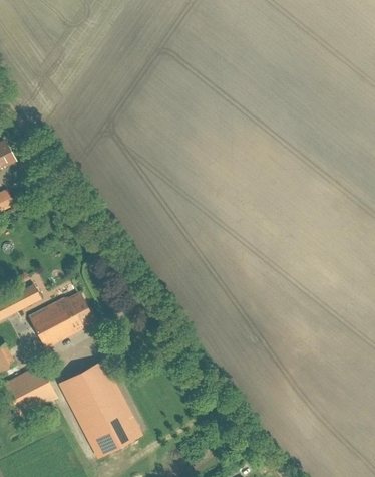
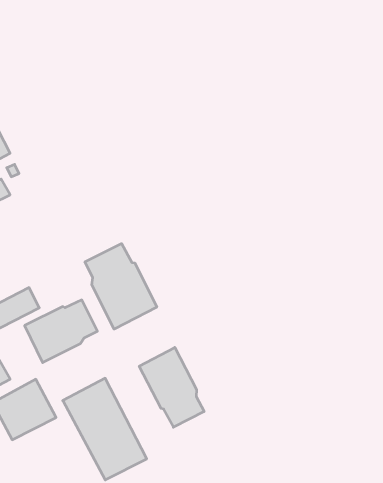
building: none -> [85,244,157,329]
building: none -> [139,347,204,427]

